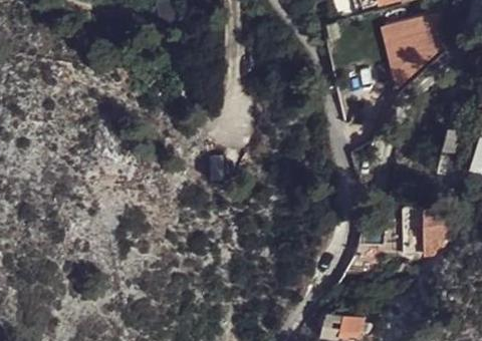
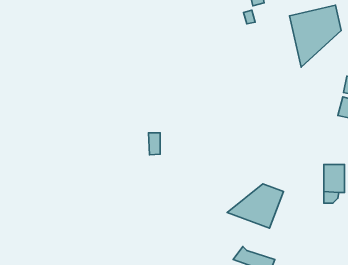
building: none -> [227,184,284,228]

